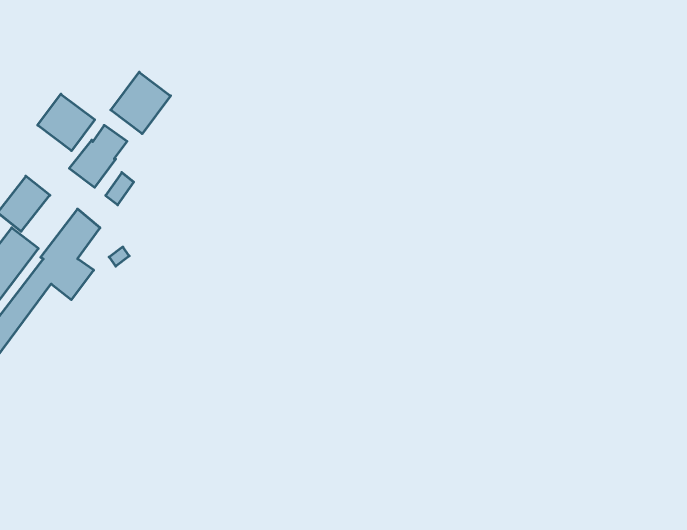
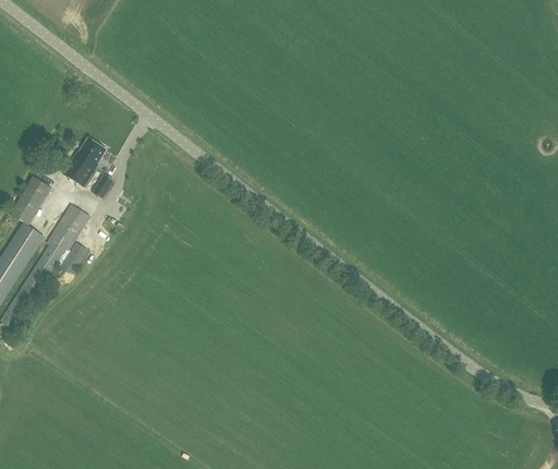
building: [111,72,171,134] -> none
building: [38,94,95,151] -> none

